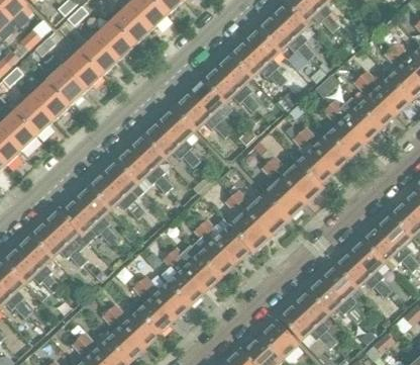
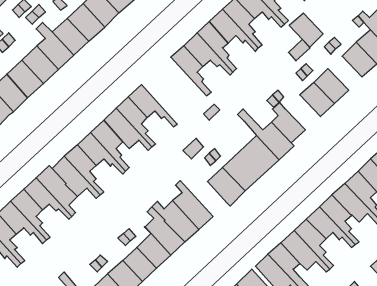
building: [358,91,395,127] -> [289,13,323,47]
building: [159,92,228,164] -> none
building: [313,132,350,170] -> none
building: [200,217,250,263] -> none

